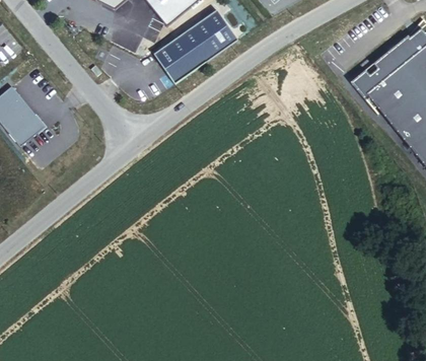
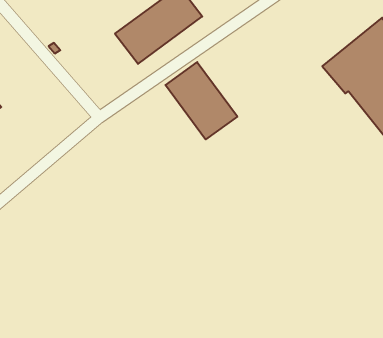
building: none -> [165,62,237,139]

